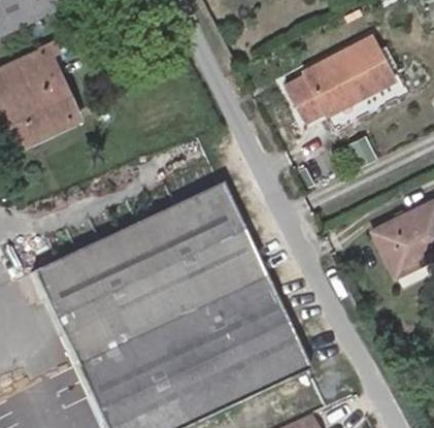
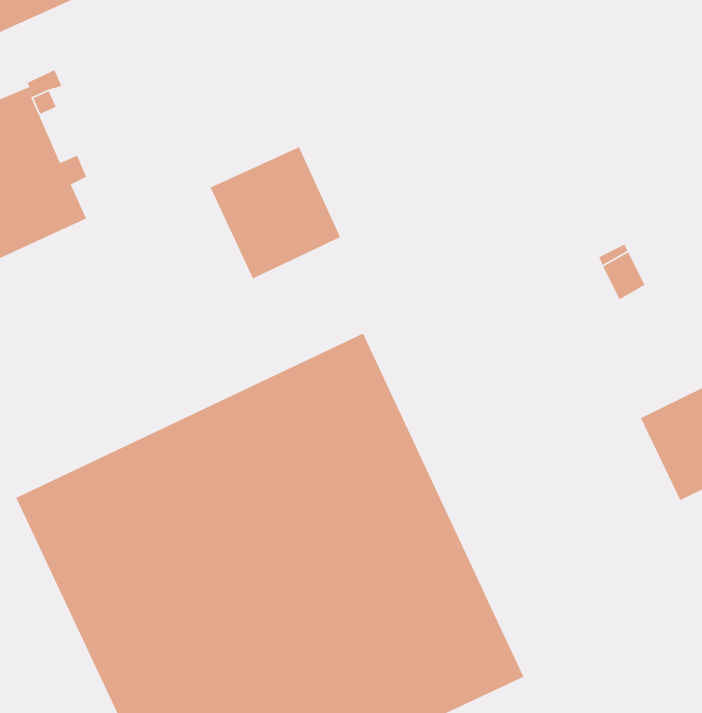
building: [290,35,394,117] -> none
building: none -> [209,146,341,279]

